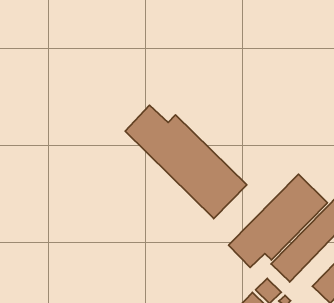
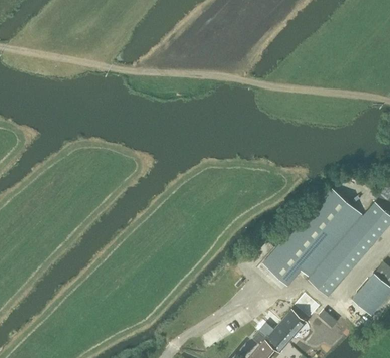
building: [125,105,247,219] -> none

